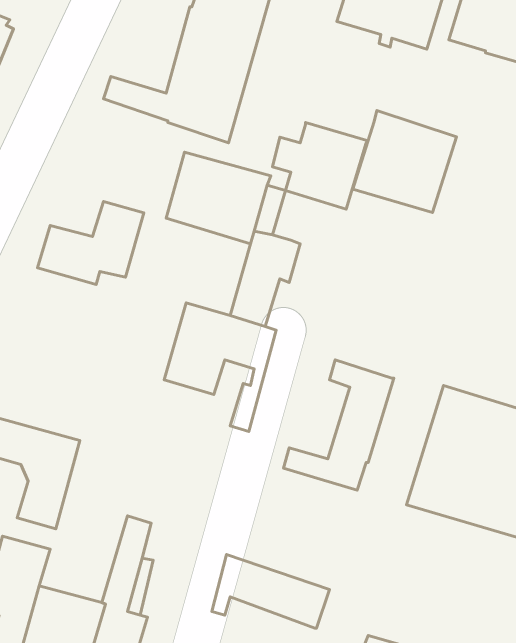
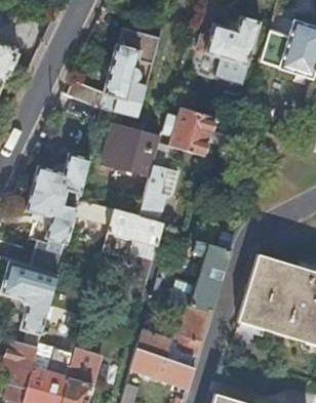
building: [353,110,456,212] -> none
building: none -> [25,188,76,272]
building: none -> [136,306,209,367]

